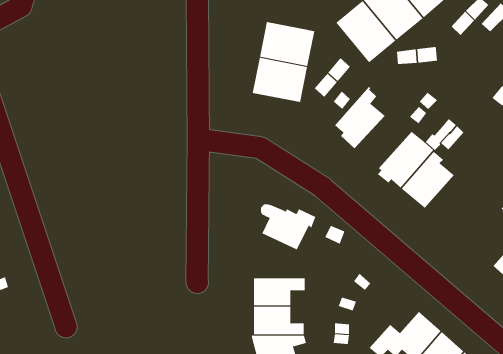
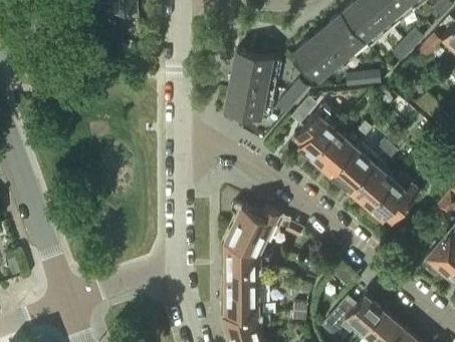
building: none -> [310,129,359,174]
building: none -> [370,180,421,223]
building: none -> [225,229,269,266]

